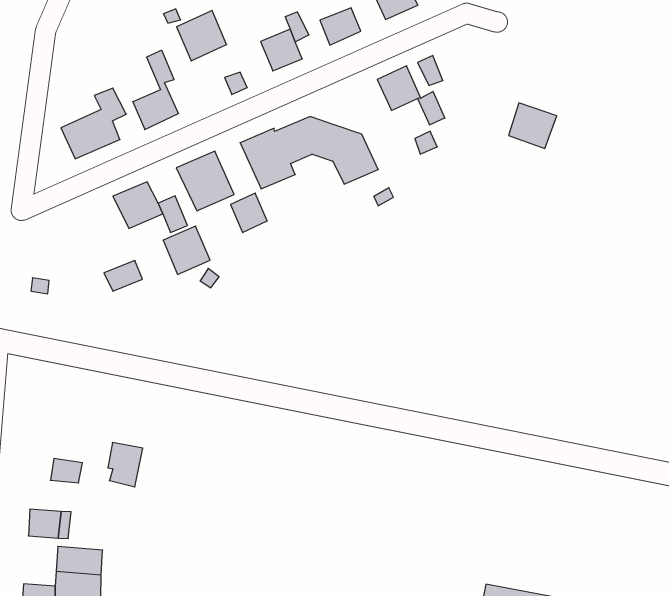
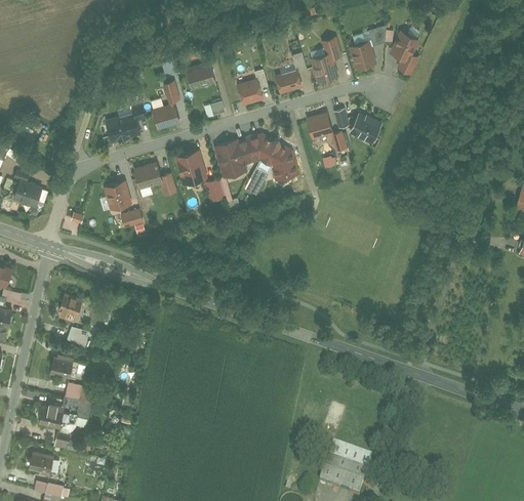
building: [509,103,557,149] -> [349,112,380,142]
building: [163,226,210,274] -> [104,181,131,210]
building: [108,442,143,487] -> [58,293,82,323]

